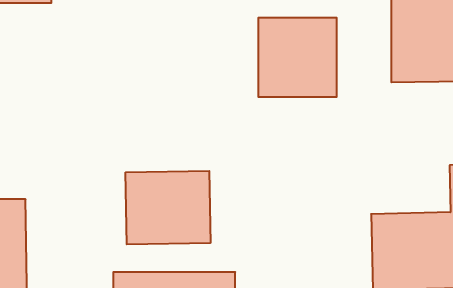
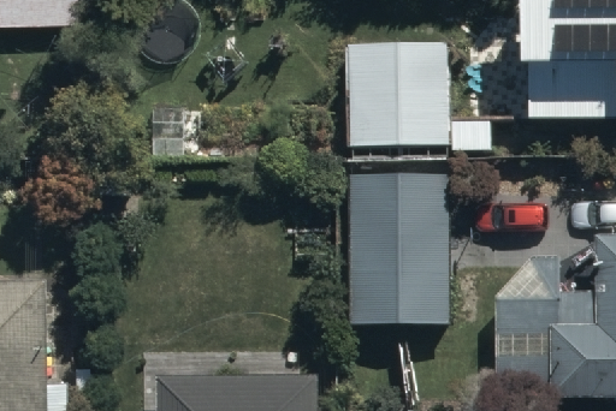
building: none -> [350,172,452,322]
building: [126,171,210,244] -> none

